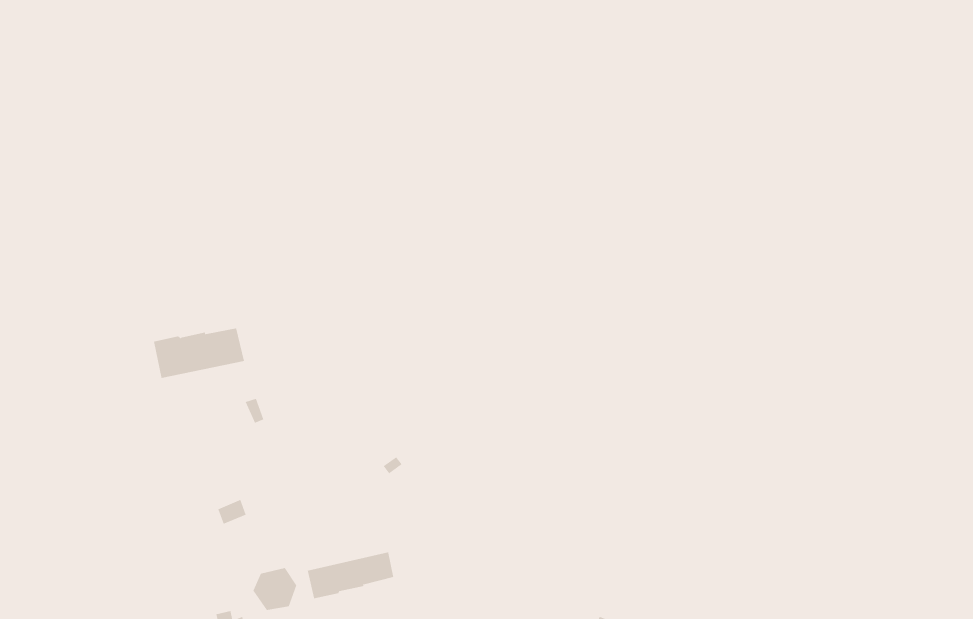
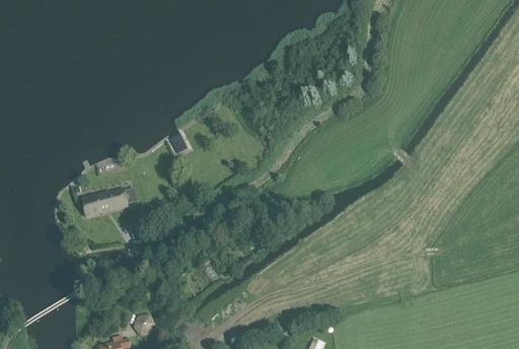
building: [307,551,394,599] -> none

